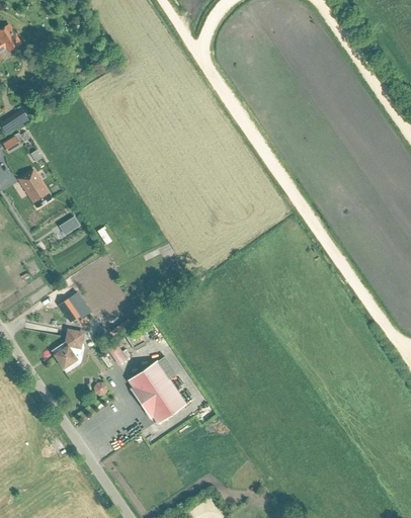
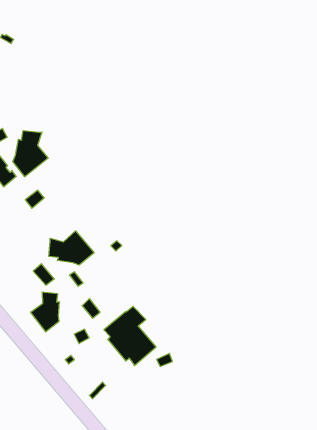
building: none -> [13,131,48,177]
building: none -> [49,231,94,265]

